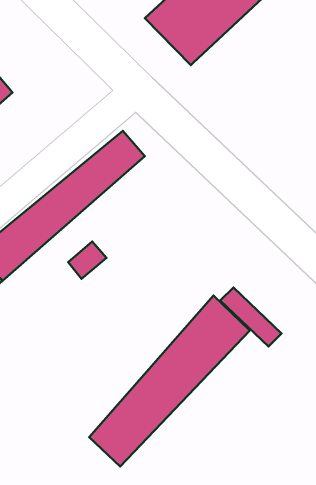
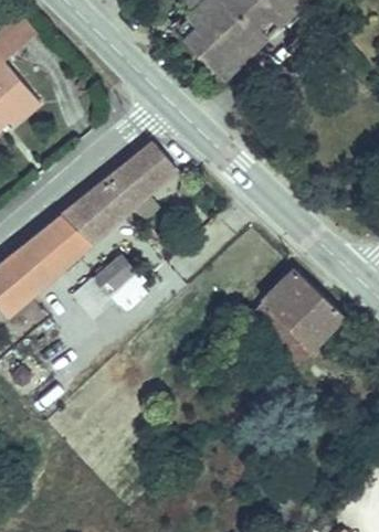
building: none -> [264,269,343,348]
building: [89,295,250,467] -> none

